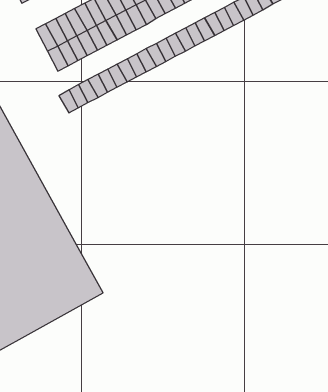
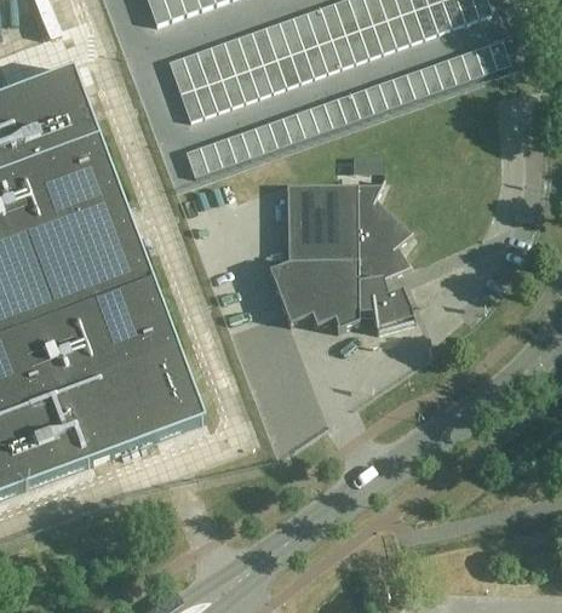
building: none -> [270,179,415,332]

